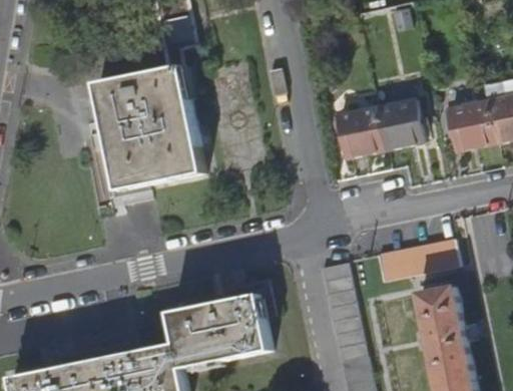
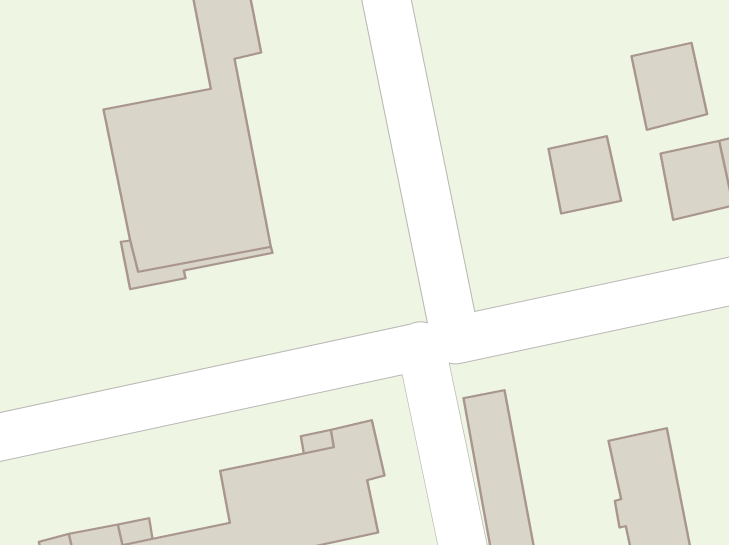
building: none -> [632,43,707,130]
building: [338,107,384,156] -> none
building: [373,239,456,281] -> none

